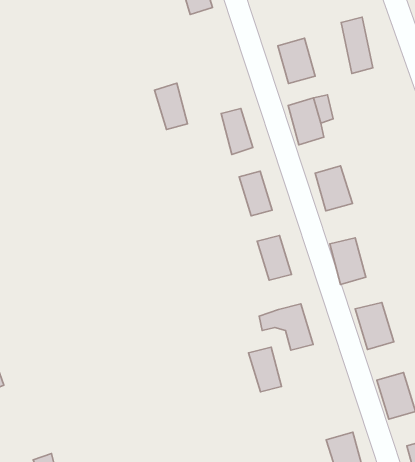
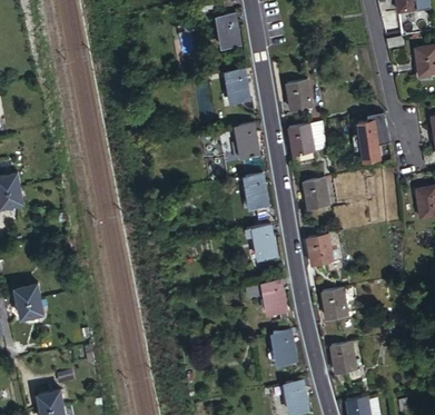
building: [341,17,373,73] -> [355,119,375,161]
building: [155,83,188,129] -> [224,67,246,101]
building: [249,347,282,392] -> [270,330,293,364]

